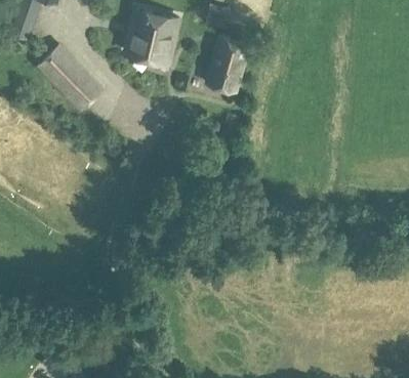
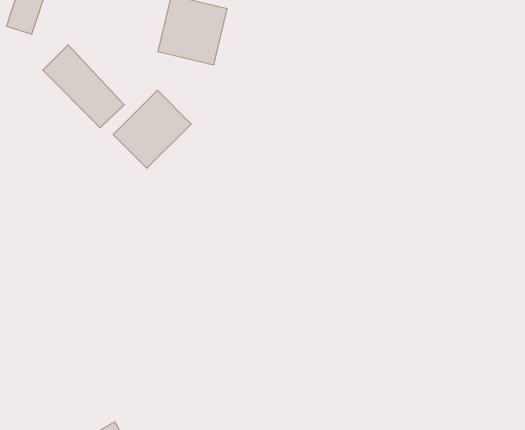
building: [203,35,250,94] -> none
building: none -> [113,90,191,168]

